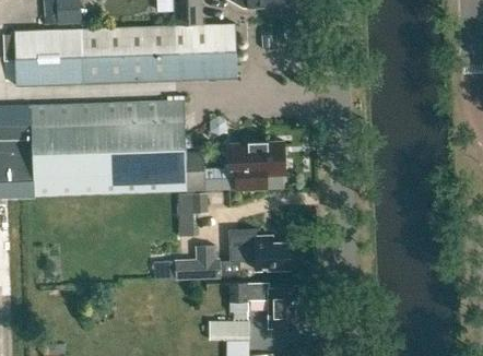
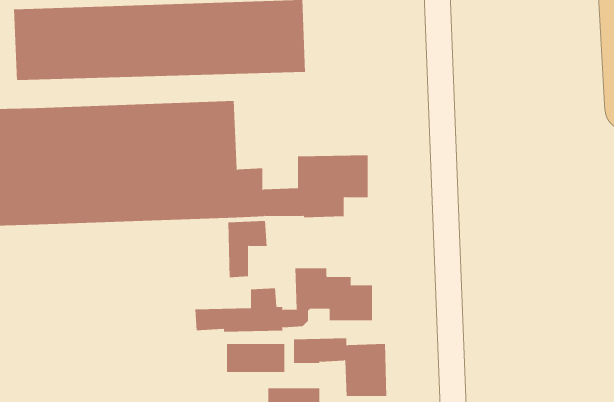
building: none -> [226,343,285,373]

